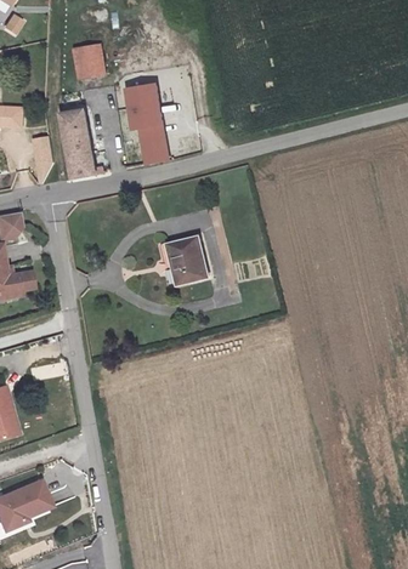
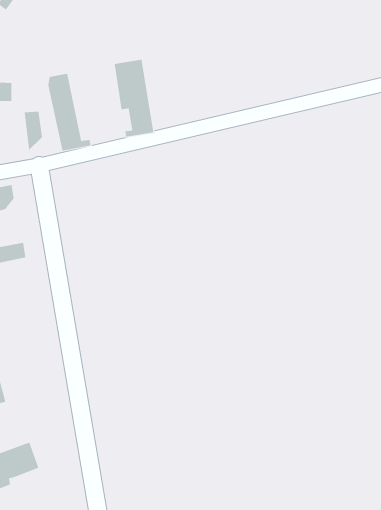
building: [74,44,106,79] -> none
building: [159,229,205,279] -> none

